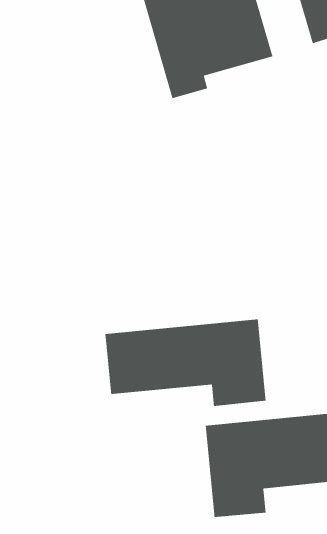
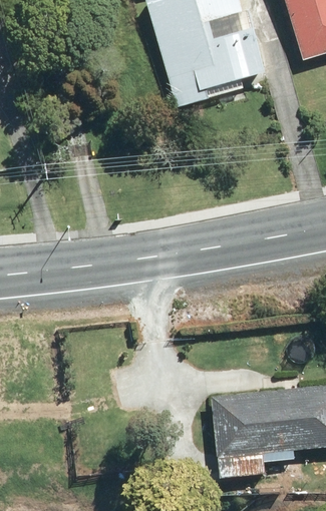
building: [105,318,266,407] -> none

